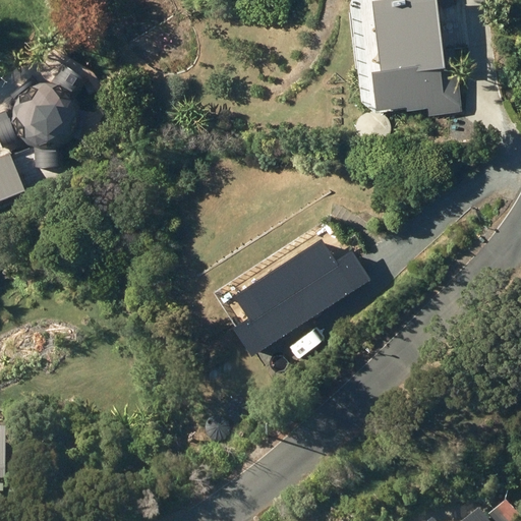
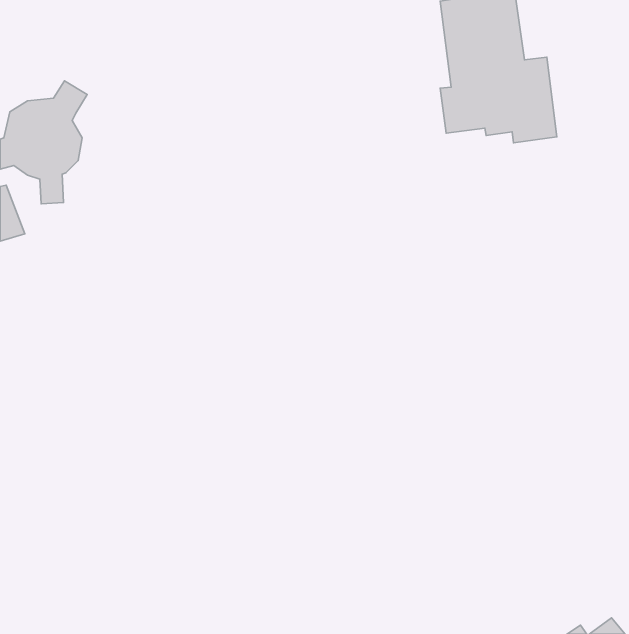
building: [236,236,373,353] -> none

